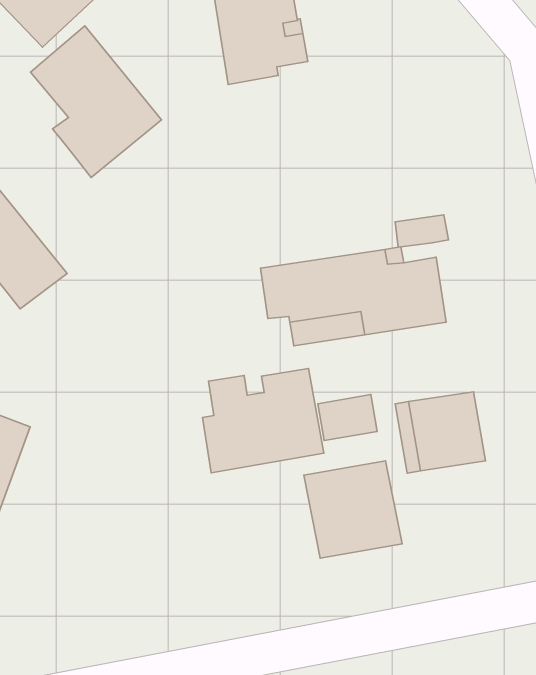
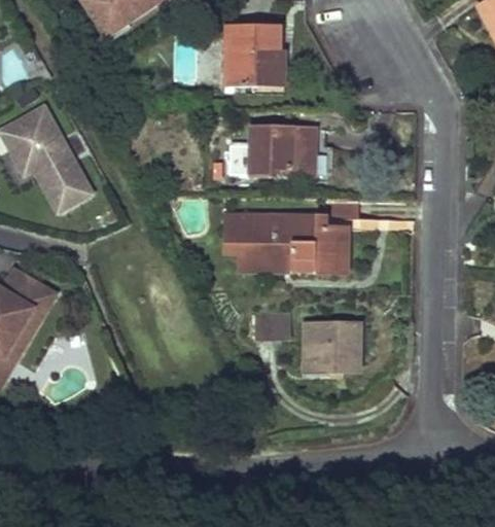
building: [31,26,161,178] -> none
building: none -> [250,127,314,174]
building: [202,369,324,473] -> none
building: [304,461,402,558] -> none

